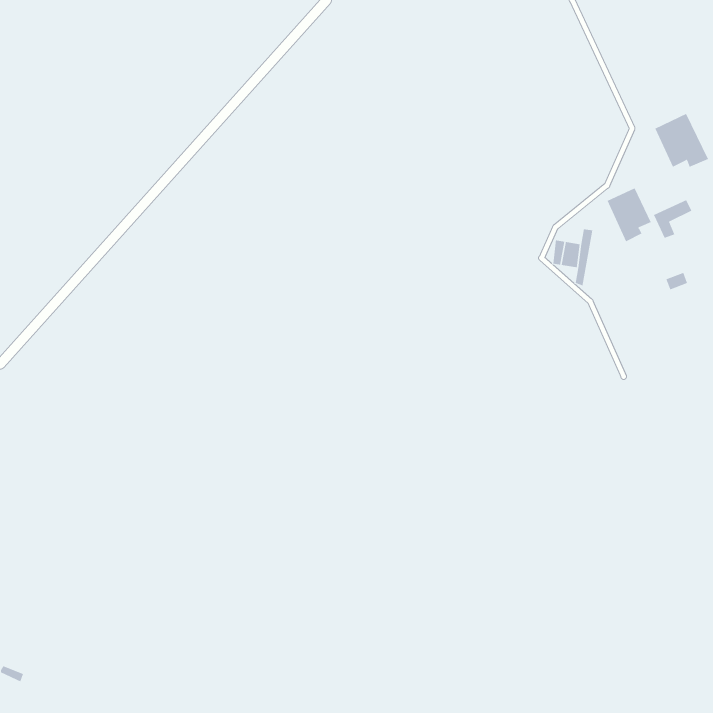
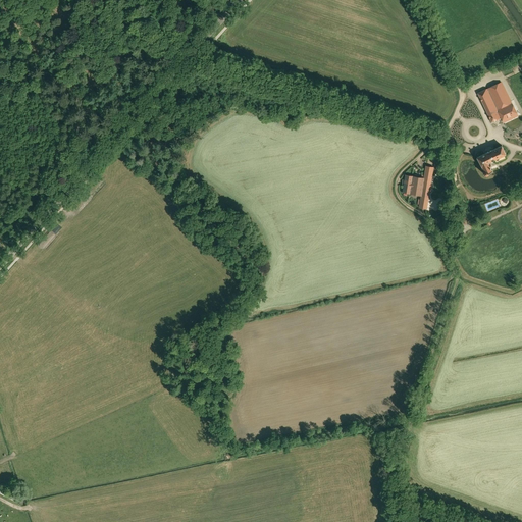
building: [607,188,651,242] -> none

